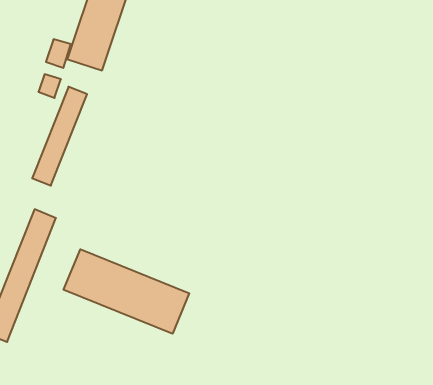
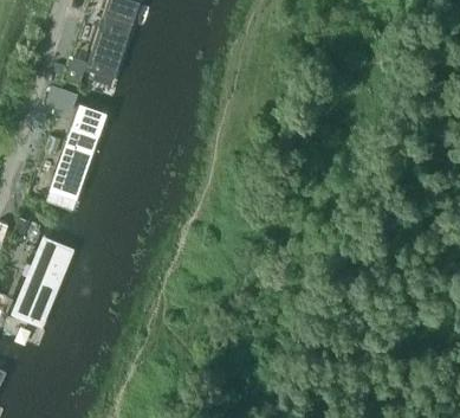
building: [64,249,189,334] -> none

